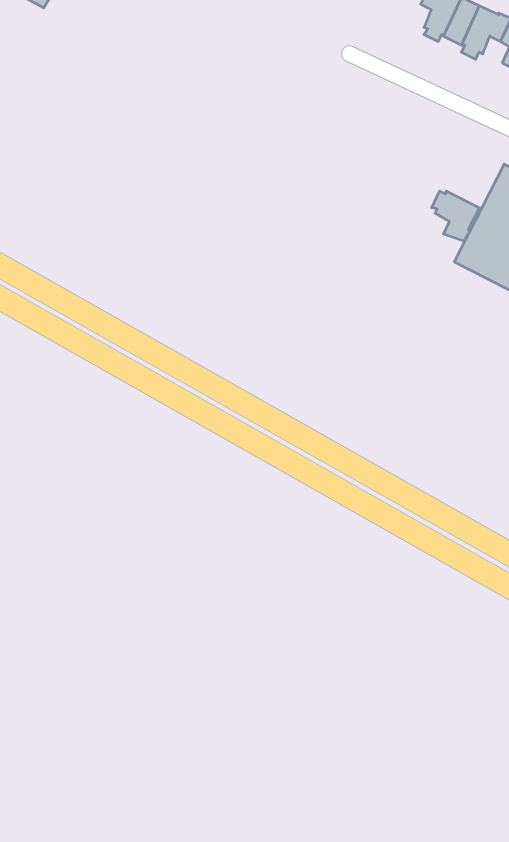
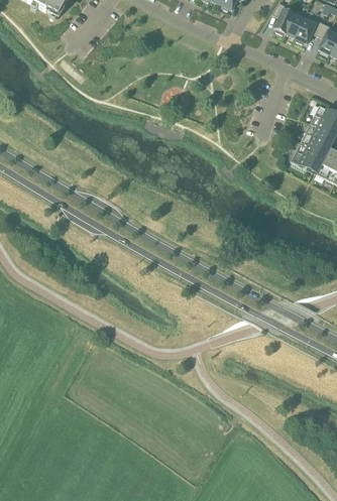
building: [432,191,479,241] -> none

